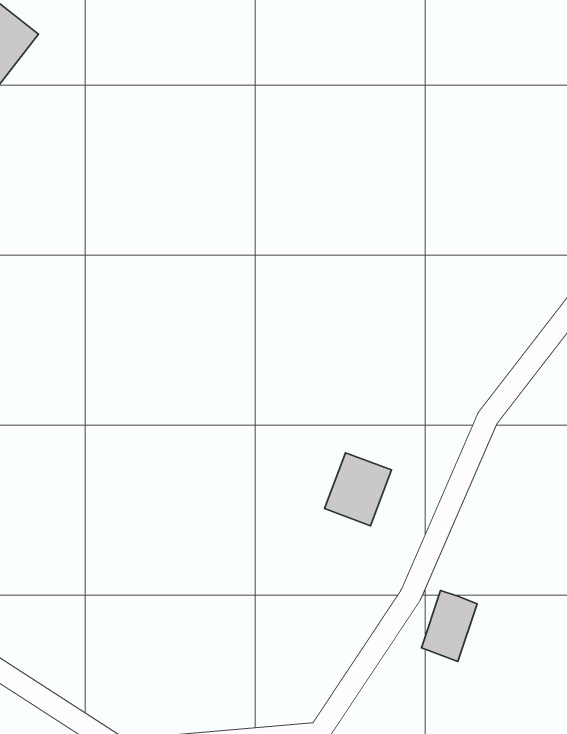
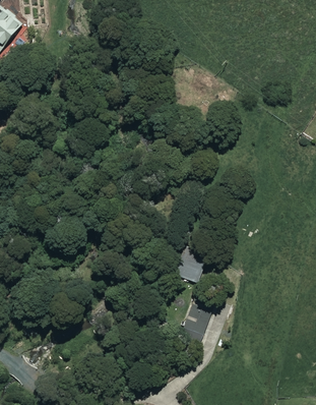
building: [421,590,477,661] -> [183,302,212,340]

